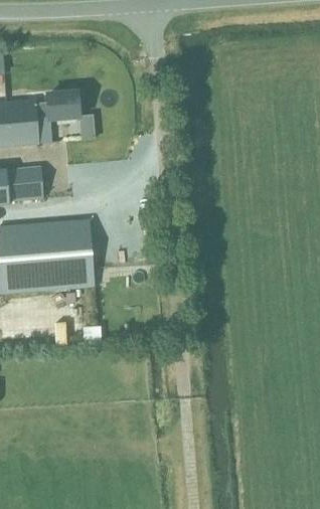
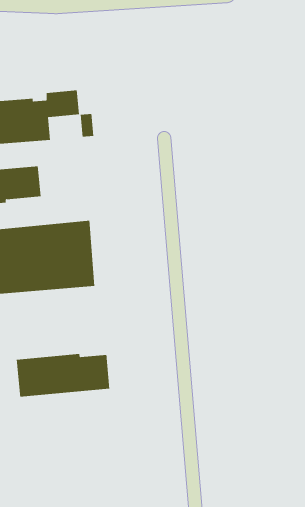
building: none -> [16,353,110,398]

